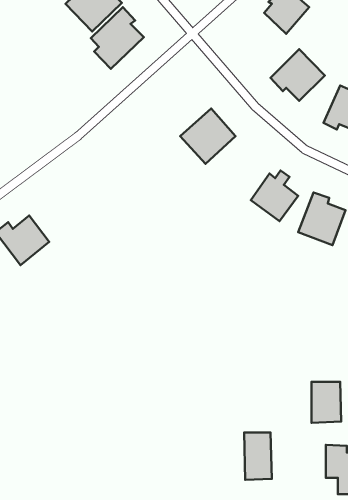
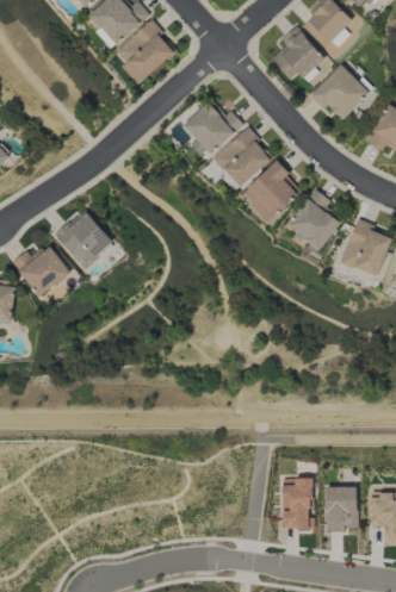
building: none -> [271,25,323,82]
building: none -> [182,100,243,154]
building: none -> [241,160,297,220]
building: none -> [54,208,113,268]
building: [311,382,341,423] -> [326,486,358,530]

